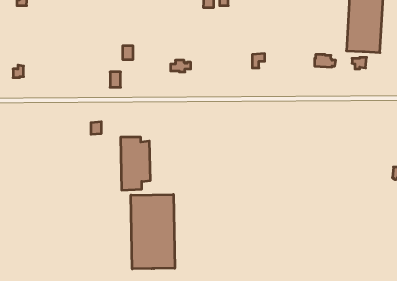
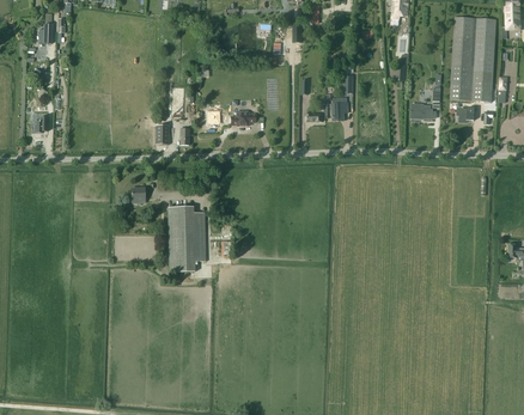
building: [131,194,175,269] -> none

